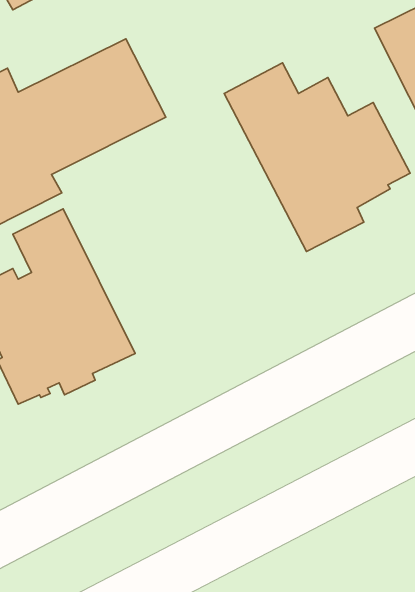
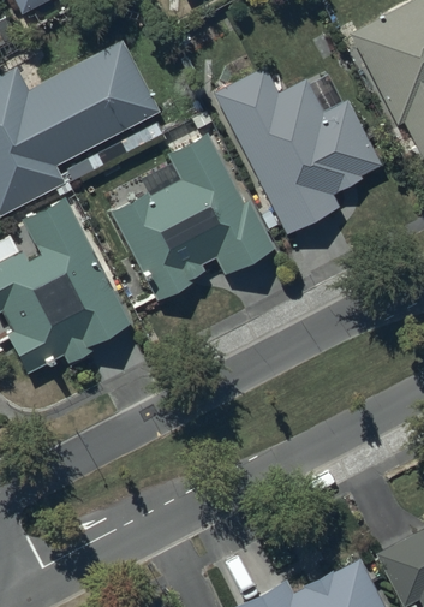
building: none -> [111,131,276,300]

